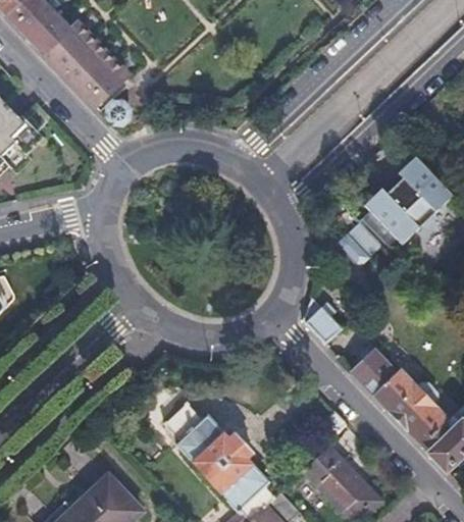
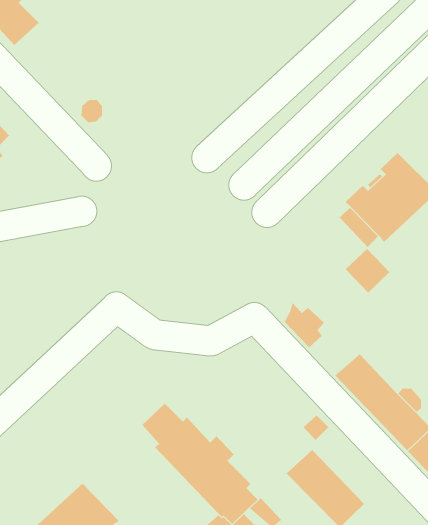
building: [42,24,127,110] -> none
building: [336,221,379,265] -> [345,248,390,293]

